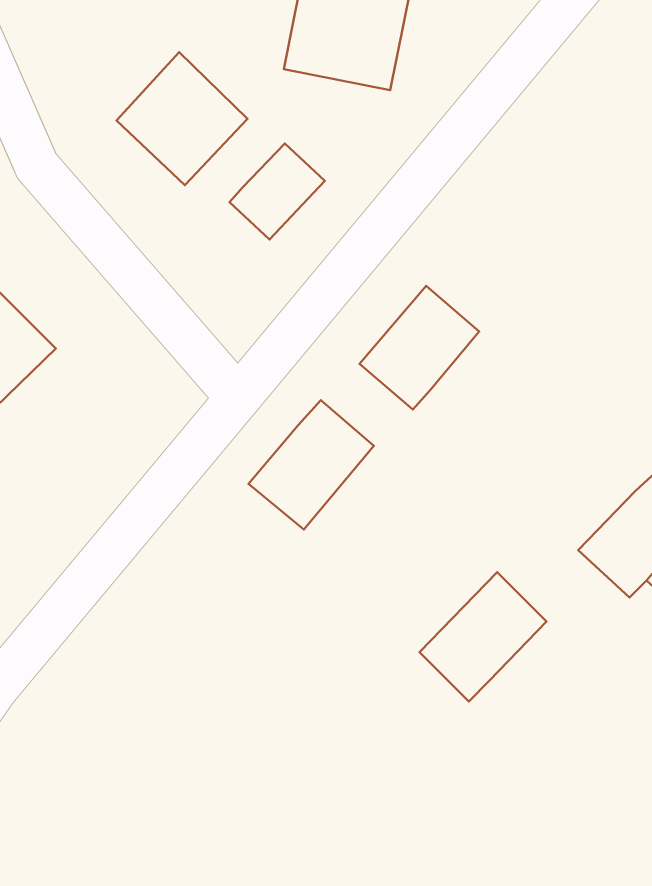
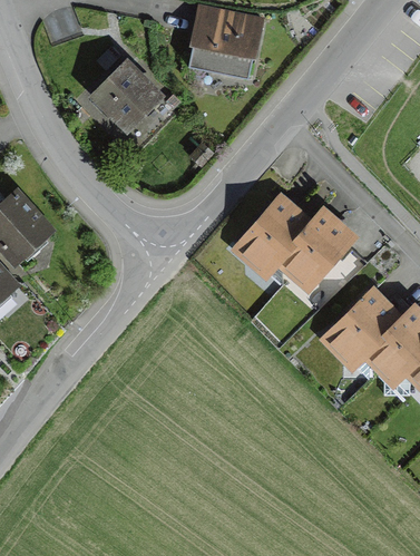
building: [230,143,325,240] -> none
building: [249,400,374,530] -> [275,207,349,283]
building: [419,572,547,701] -> [321,286,395,362]

